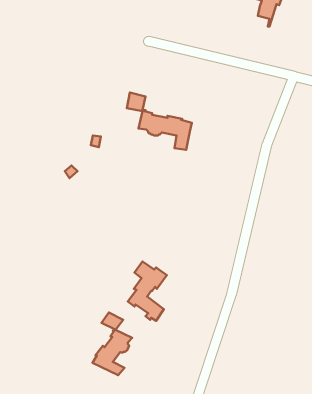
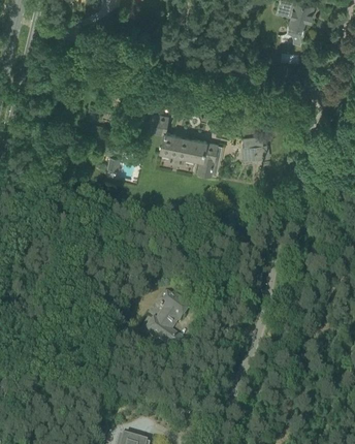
building: none -> [243,138,267,160]
building: [92,312,132,375] -> none

